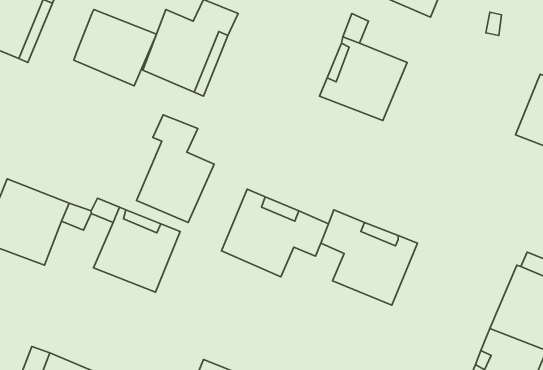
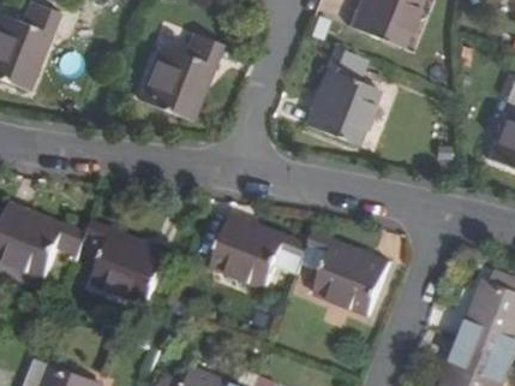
building: [74,9,157,86] -> none
building: [137,115,214,222] -> none

